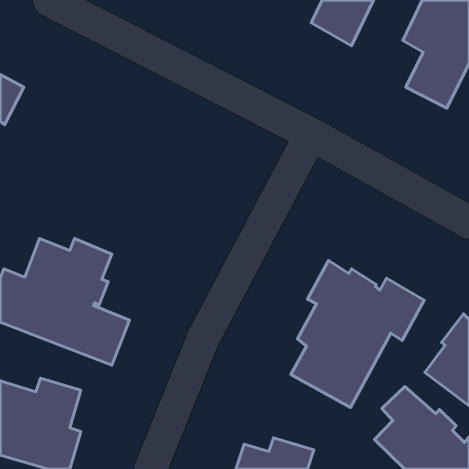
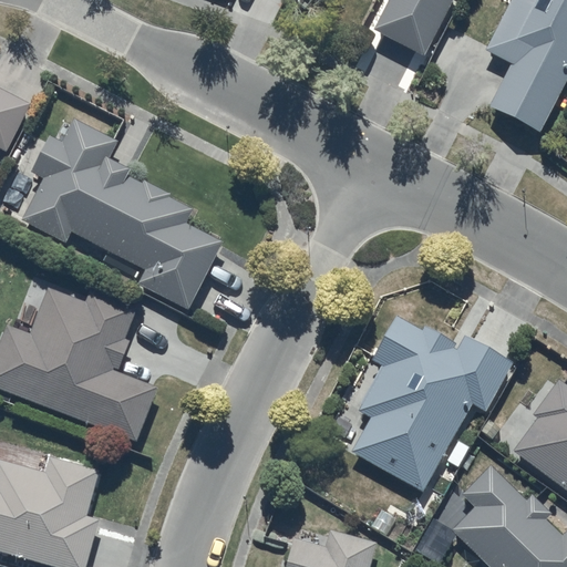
building: none -> [22,120,223,309]

